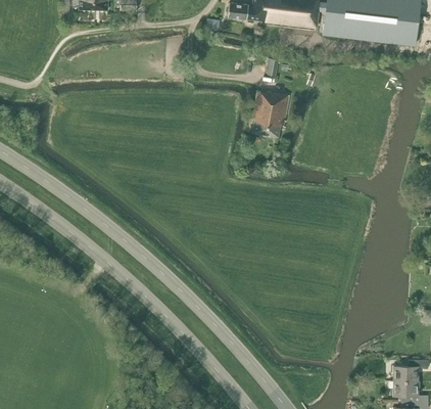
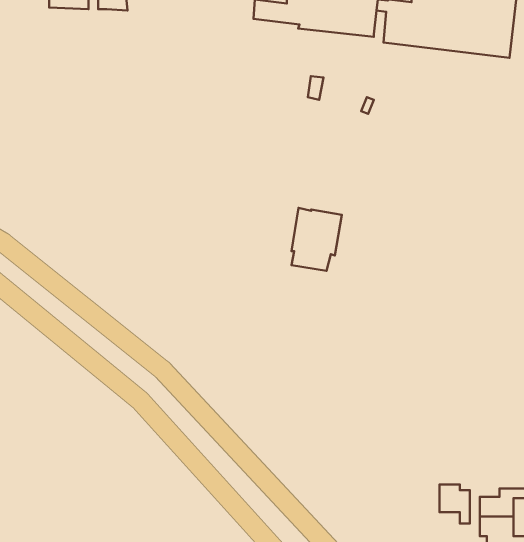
building: [252,89,289,135] -> [292,208,342,271]
building: none -> [440,484,470,523]

